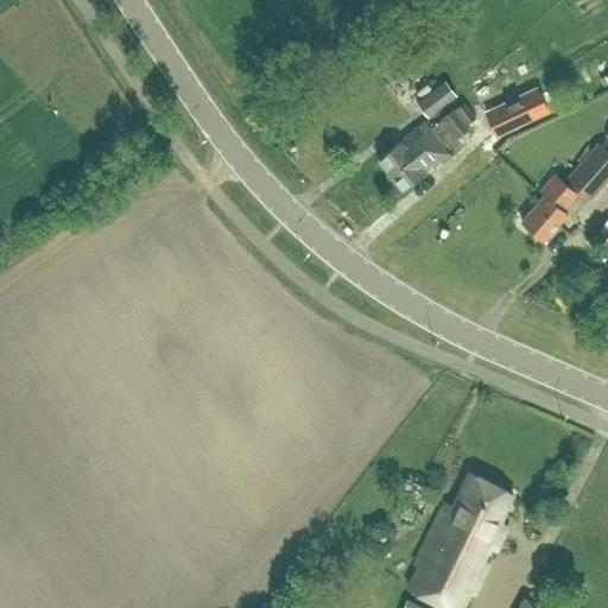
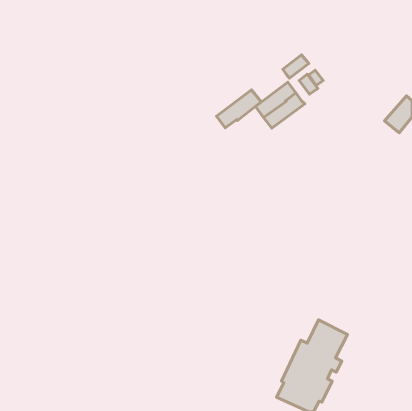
building: [486,89,546,133] -> none
building: none -> [217,90,261,128]
building: [520,173,576,240] -> none

